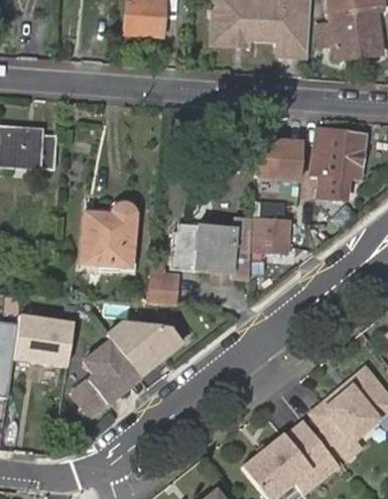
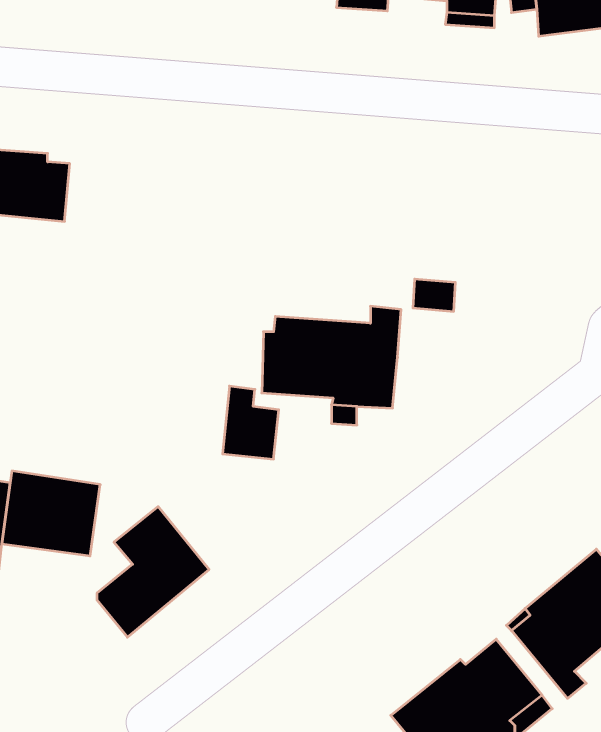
building: [312,130,365,201] -> none
building: [255,141,302,181] -> none
building: [80,203,135,268] -> none
building: [250,221,286,253] -> none
building: [105,323,180,376] -> none

